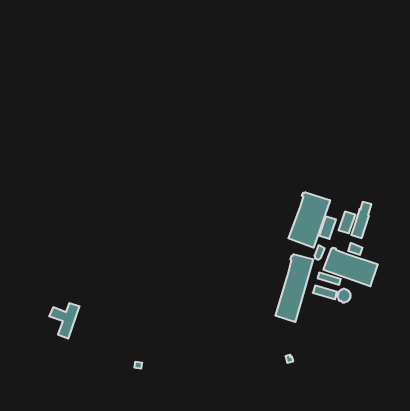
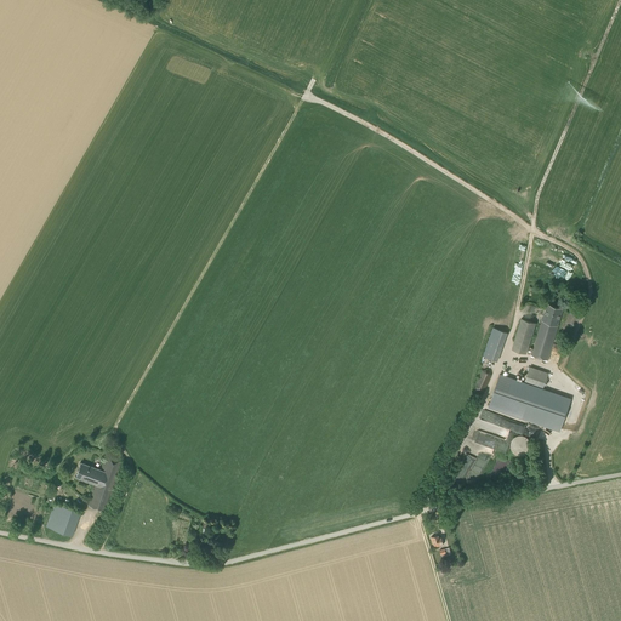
building: [288,192,330,248] -> none
building: [275,254,313,322] -> none
building: none -> [45,503,79,536]

